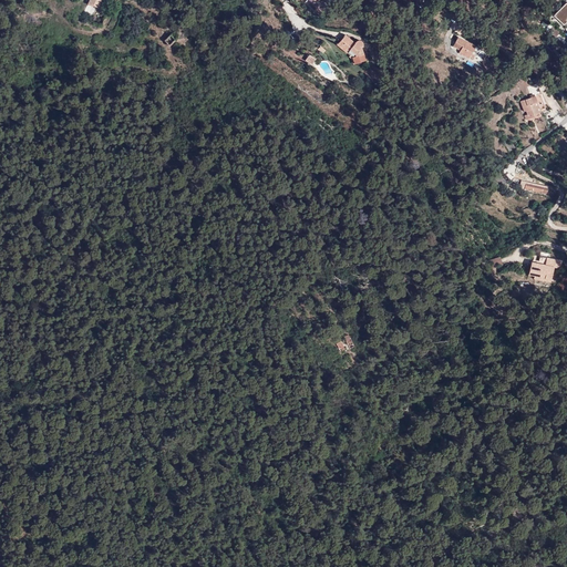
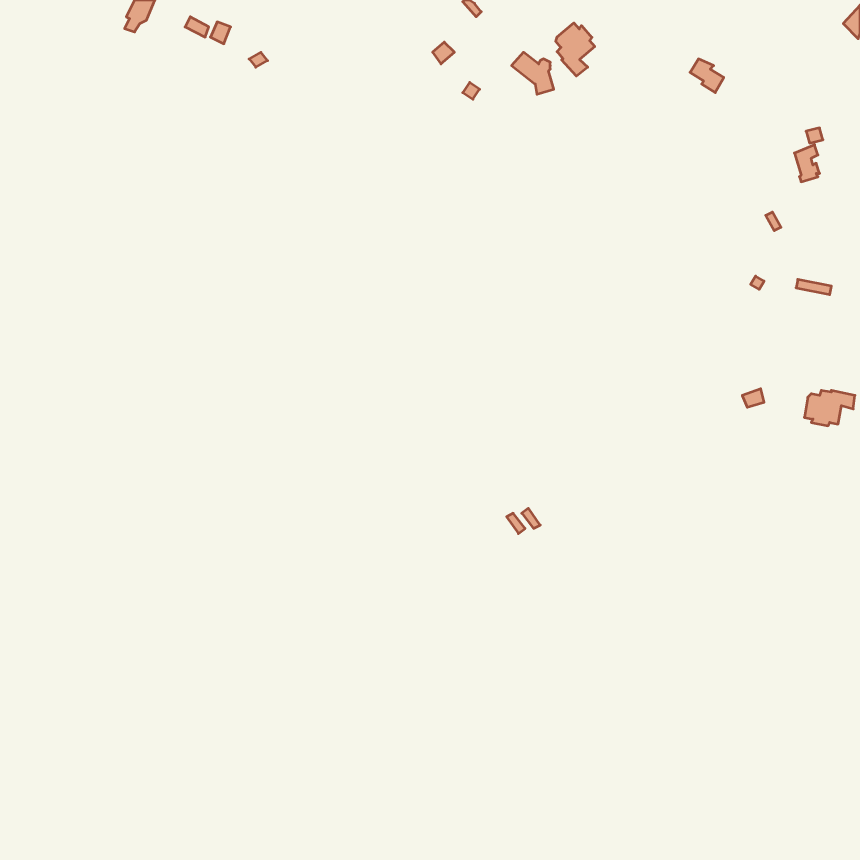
building: none -> [556,23,595,76]

